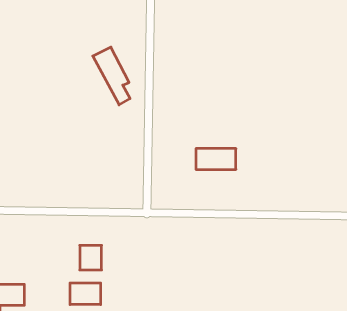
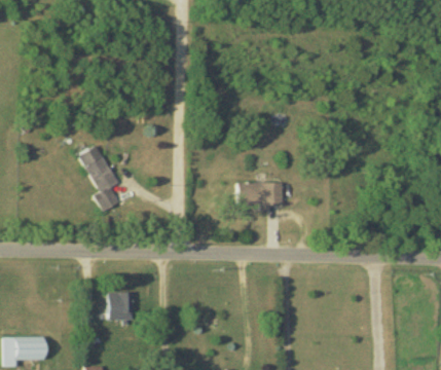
building: [93,47,130,105] -> [77,144,119,210]
building: [70,283,101,305] -> none

